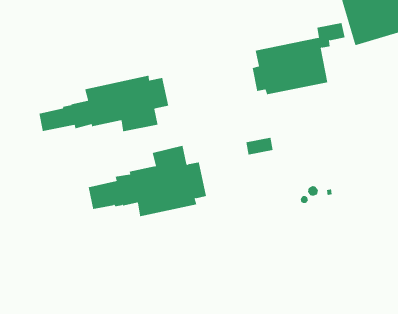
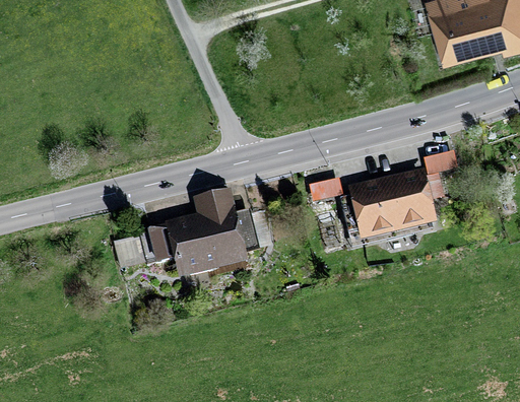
building: [252,23,345,95] -> [343,150,459,240]
building: [39,75,169,132] -> none

